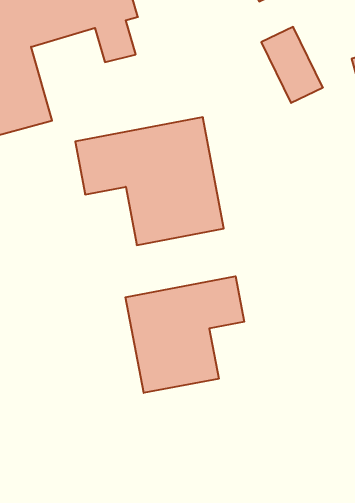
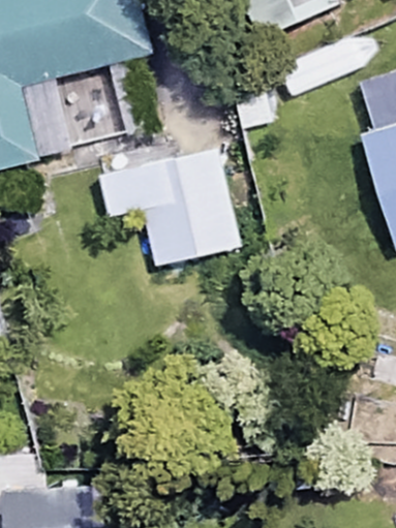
building: [125,276,244,393] -> none

